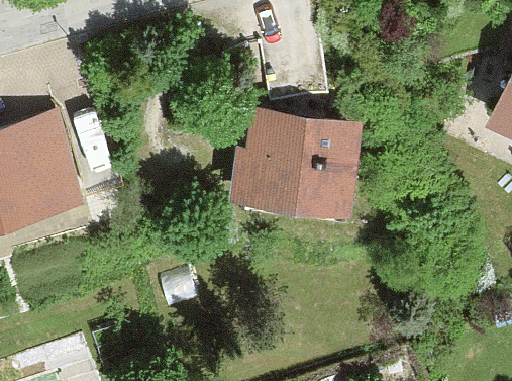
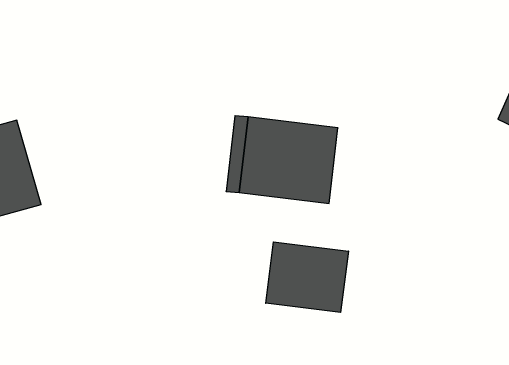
building: none -> [266,242,348,312]

